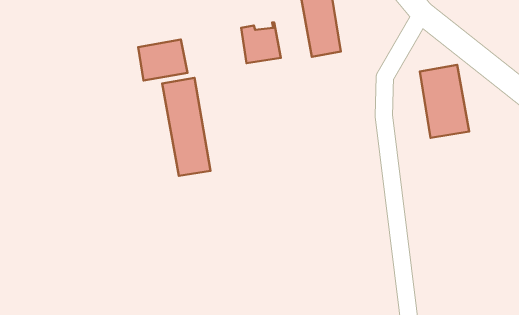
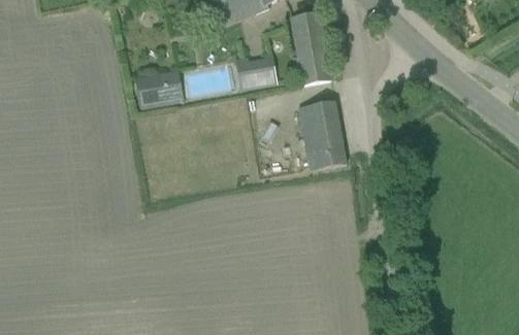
building: [420,65,469,138] -> [299,99,347,169]
building: [162,78,210,176] -> none

